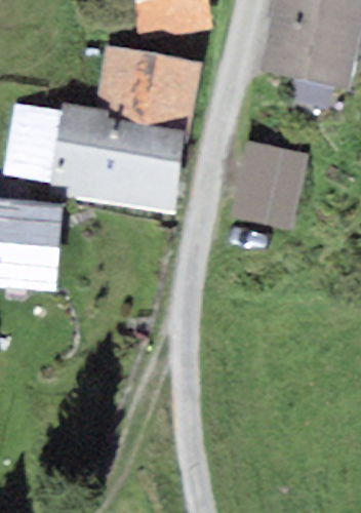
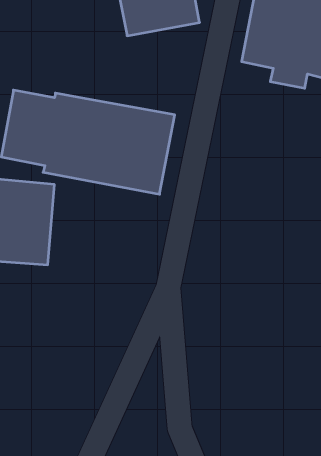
building: [94,44,202,128] -> none
building: [229,140,307,228] -> none

